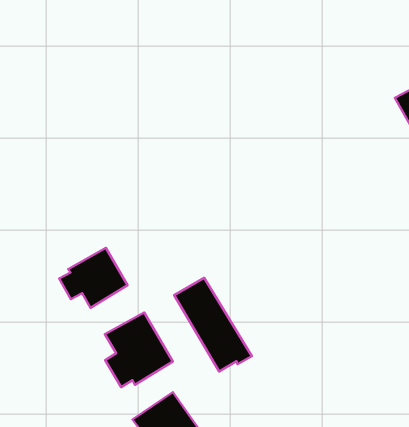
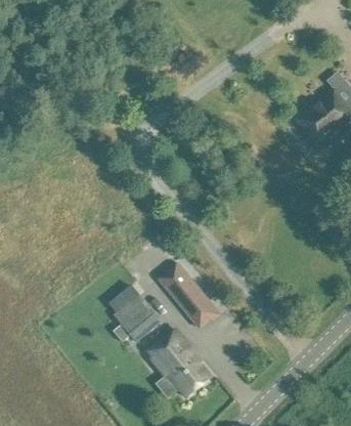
building: [59,248,127,308] -> none

